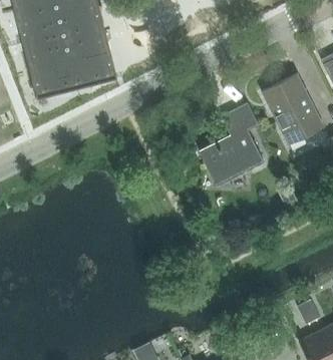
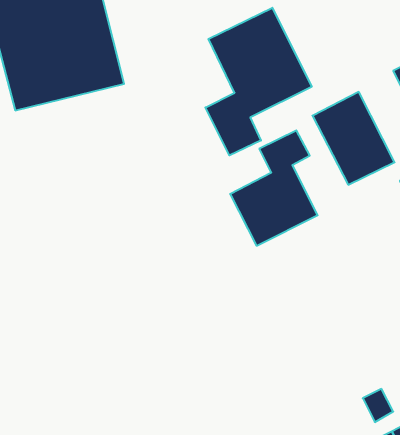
building: none -> [205,8,312,155]

